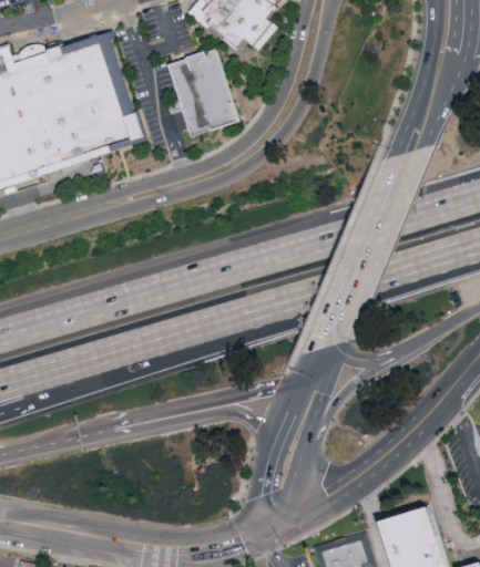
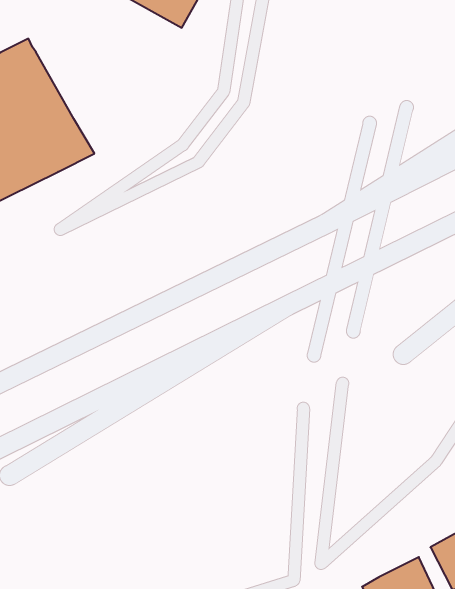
building: [166,51,244,142] -> none

